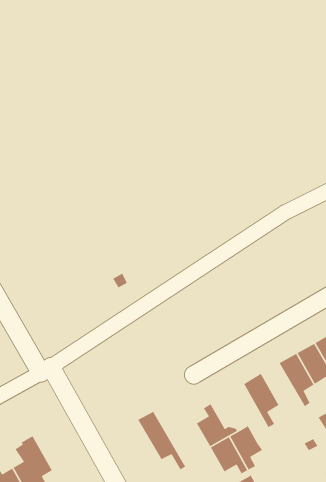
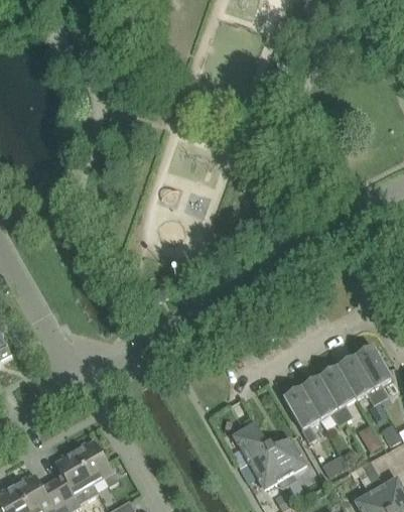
building: none -> [301,376,345,424]
building: [137,411,186,470] -> none
building: none -> [73,439,118,486]

